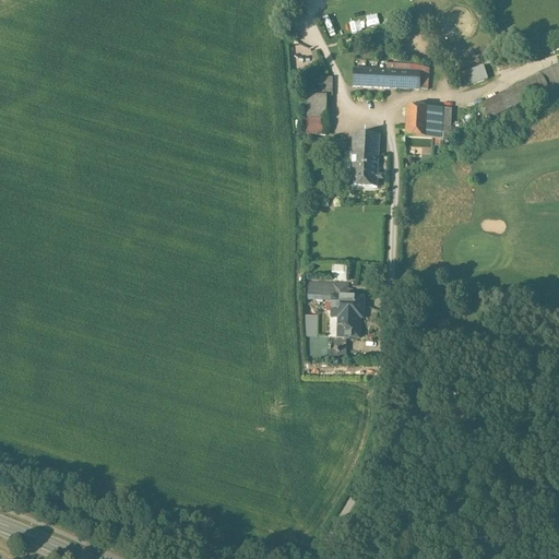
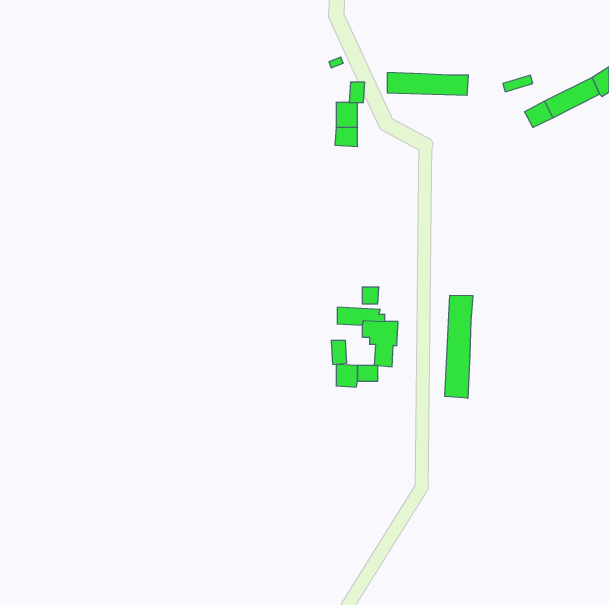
building: [406,105,443,138] -> none
building: [350,132,380,187] -> none
building: none -> [445,295,473,398]

